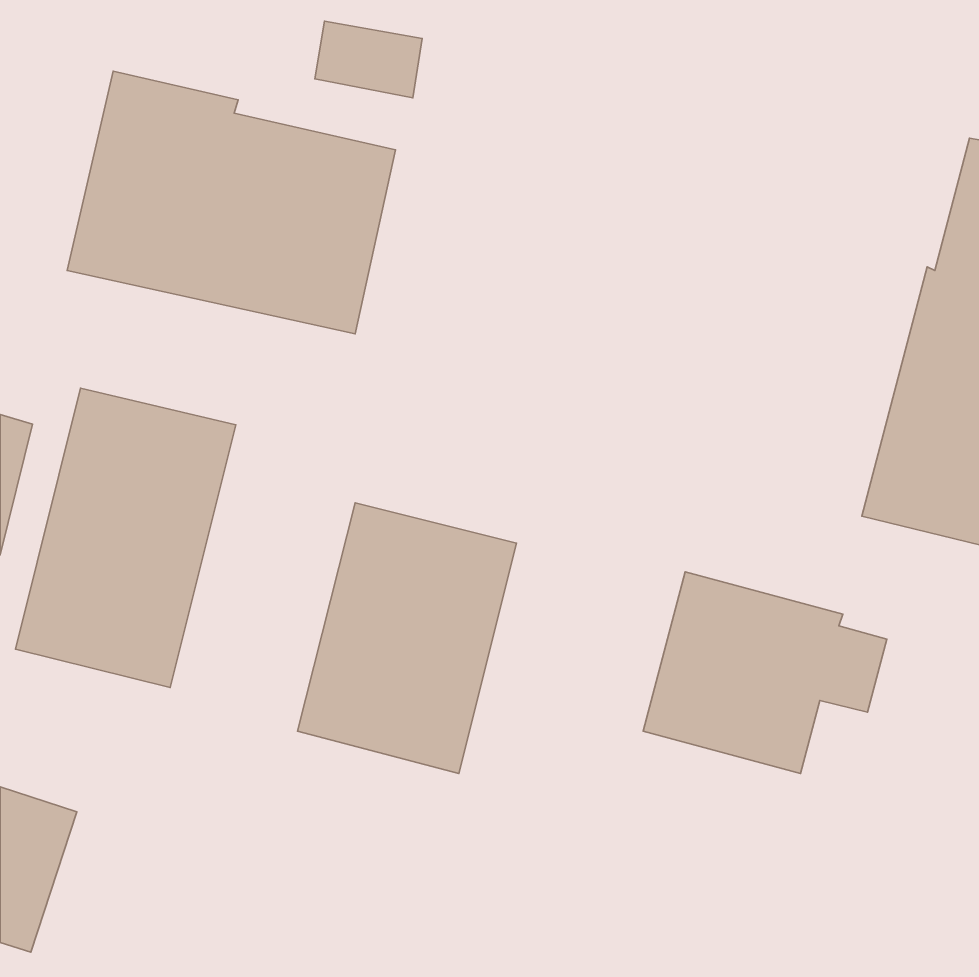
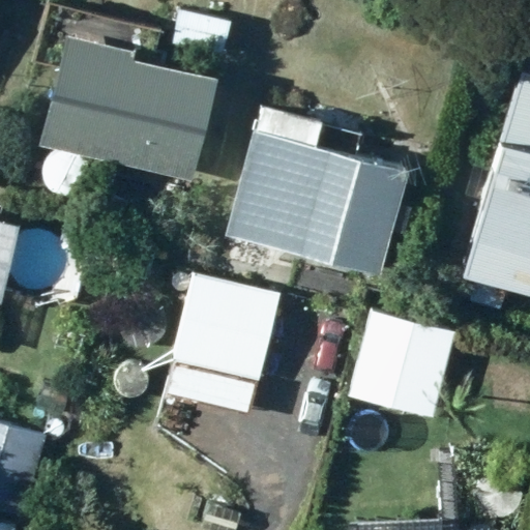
building: none -> [227,107,406,275]
building: [16,388,236,688] -> none

